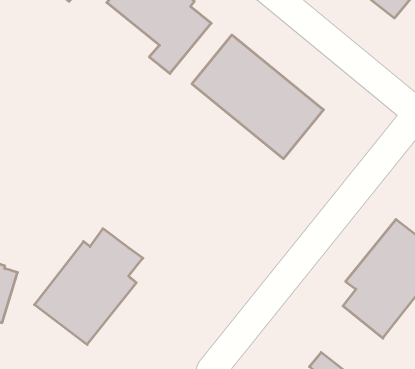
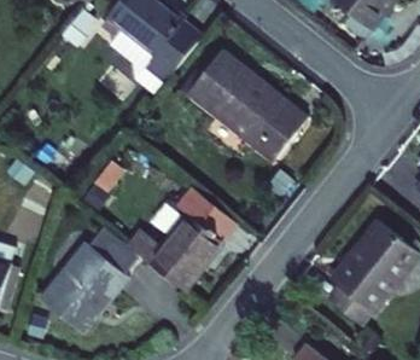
building: none -> [126,186,239,292]

